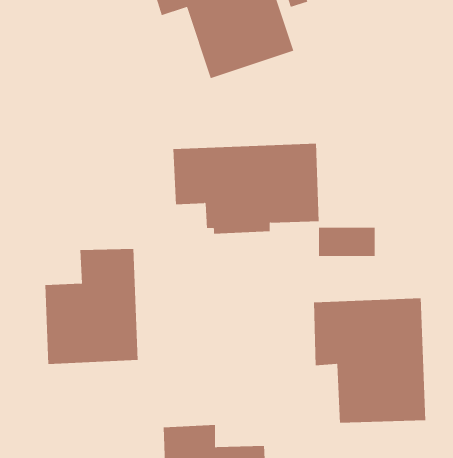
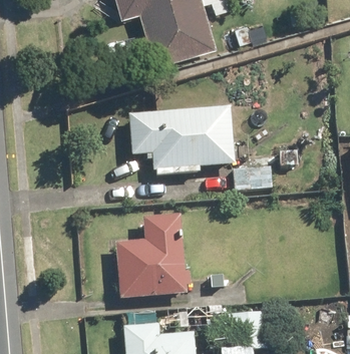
building: [45,248,138,364] -> [118,215,186,298]
building: [313,297,426,423] -> none

